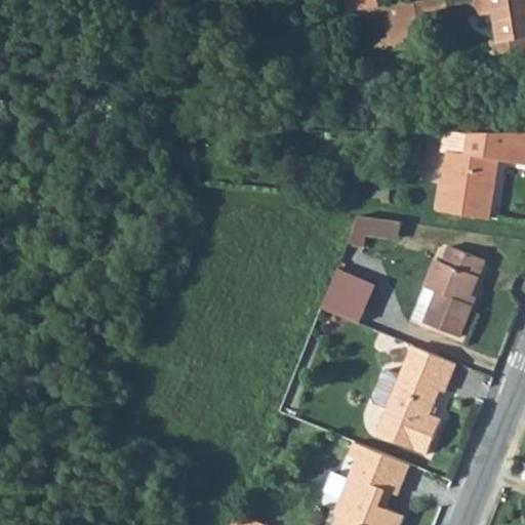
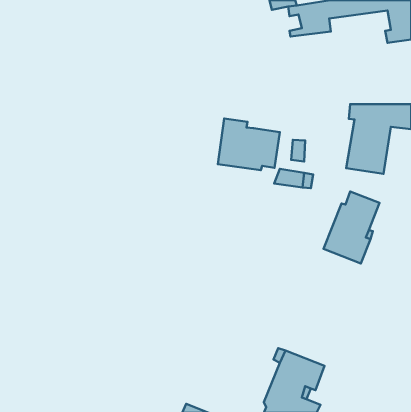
building: none -> [218,119,280,170]
building: [323,267,376,322] -> none
building: [371,346,457,455] -> none

